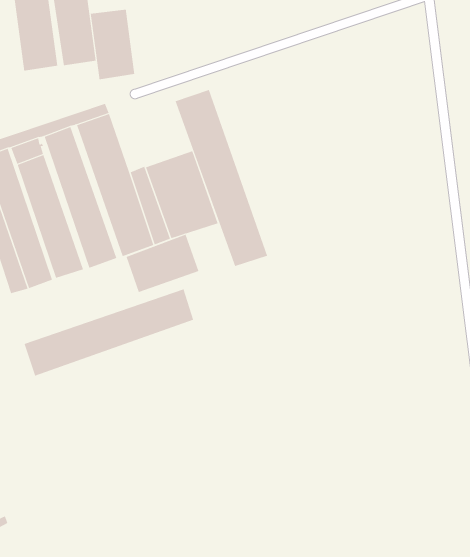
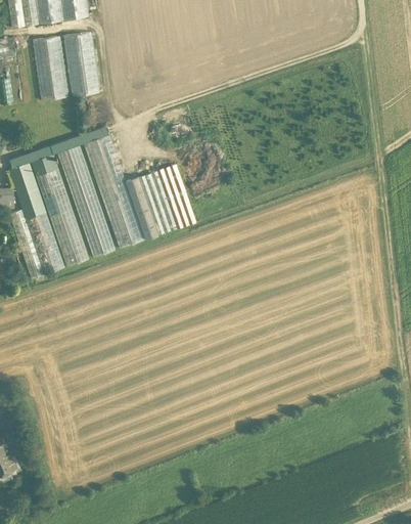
building: [90,9,135,80] -> none
building: [175,89,268,267] -> none
building: [126,234,199,293] -> none
building: [24,289,194,376] -> none

